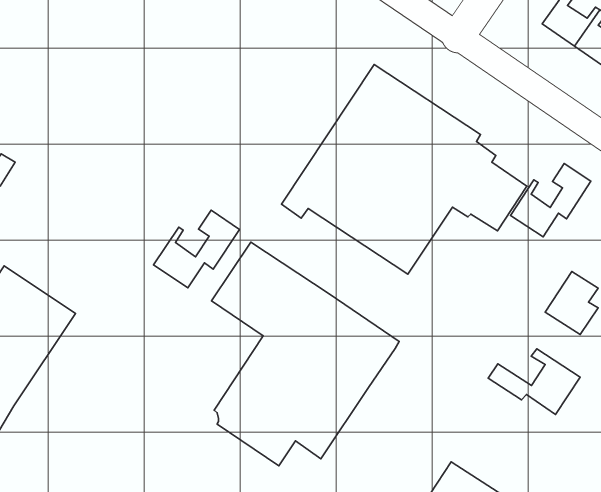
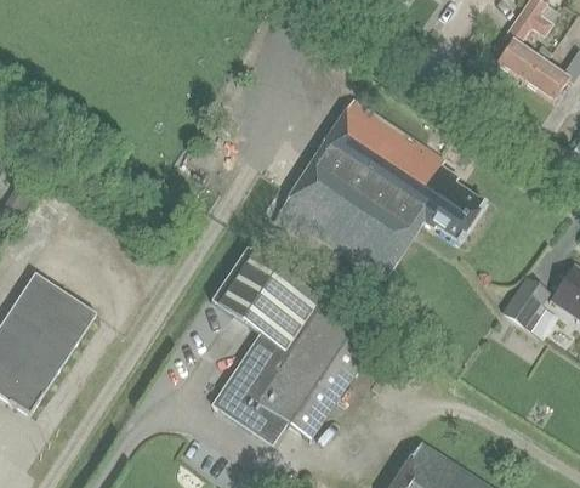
building: [510,164,591,237] -> none
building: [153,210,239,288] -> none
building: [488,349,580,414] -> none

